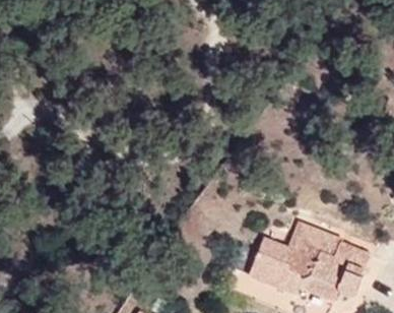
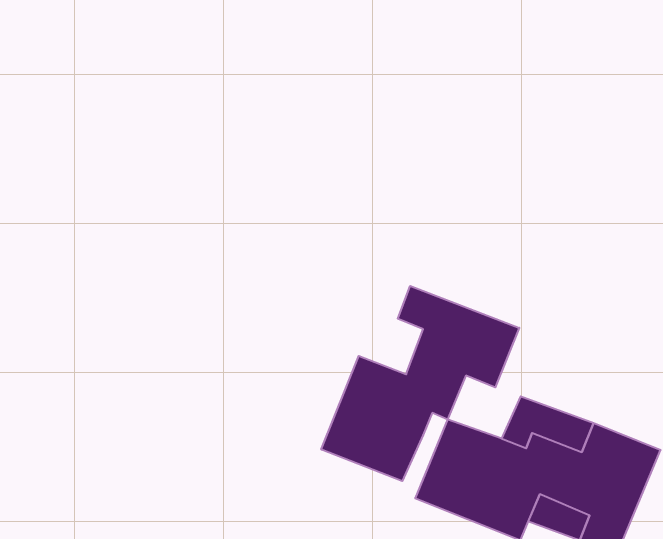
building: none -> [321,286,519,481]

